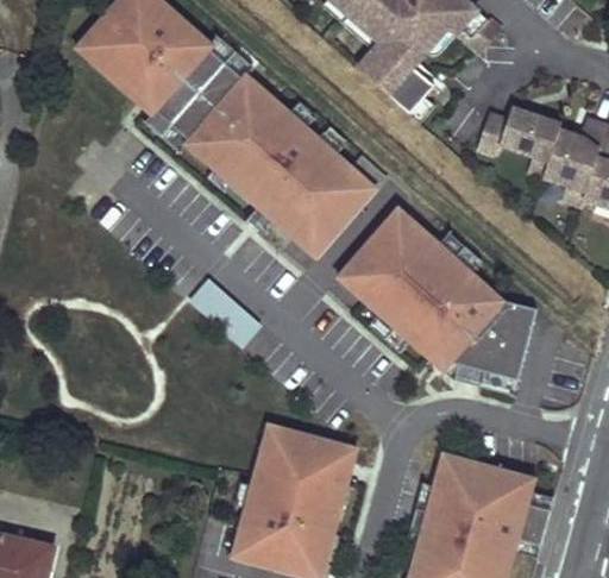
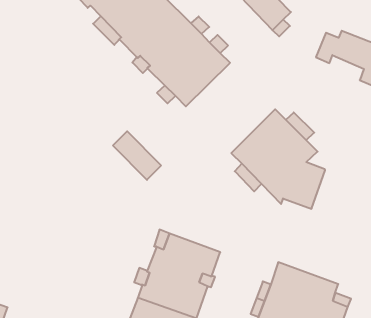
building: [291,155,384,256] -> none
building: [340,209,422,299] -> none
building: [441,301,535,395] -> none

